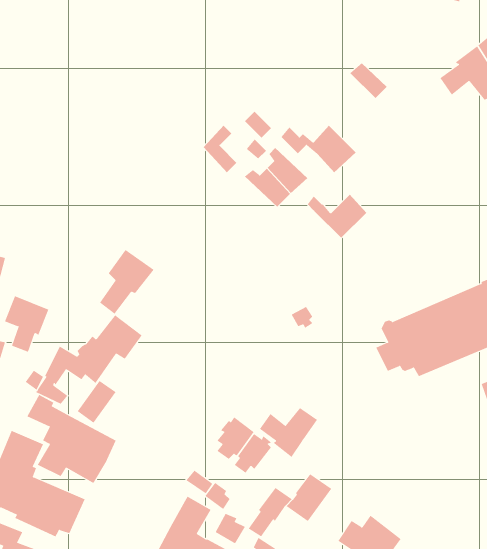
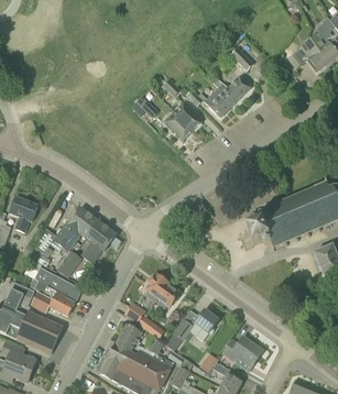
building: [307,194,367,239] -> [212,76,251,105]
building: [99,249,154,315] -> [81,221,117,263]
building: [259,408,318,458] -> none

